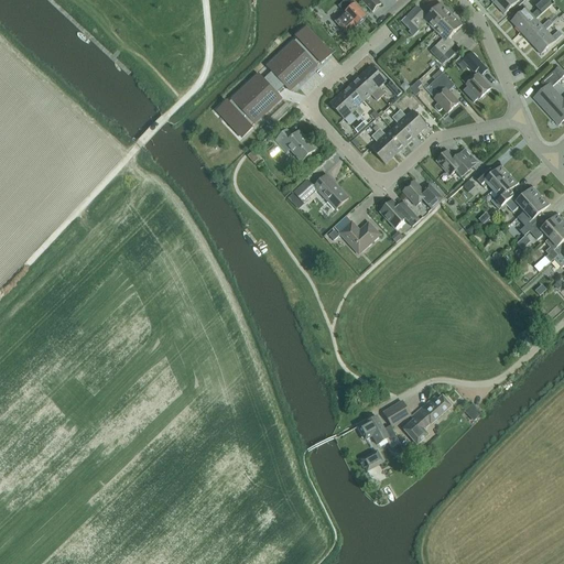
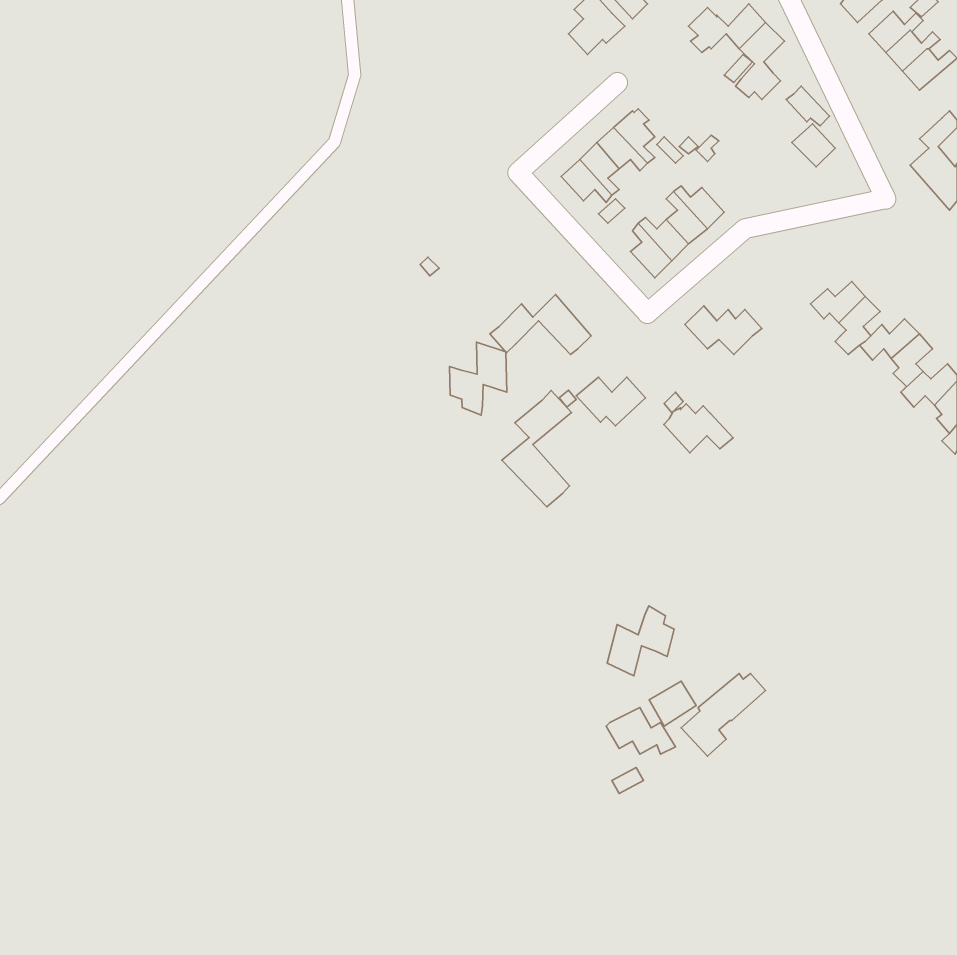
building: [216,25,330,137] -> none
building: [424,72,458,112] -> none
building: [275,129,314,161] -> none
building: [436,148,477,175] -> none
building: [379,199,420,228] -> [664,404,733,453]
building: none -> [449,342,507,415]
building: none -> [502,391,572,507]
building: none -> [607,606,674,676]

